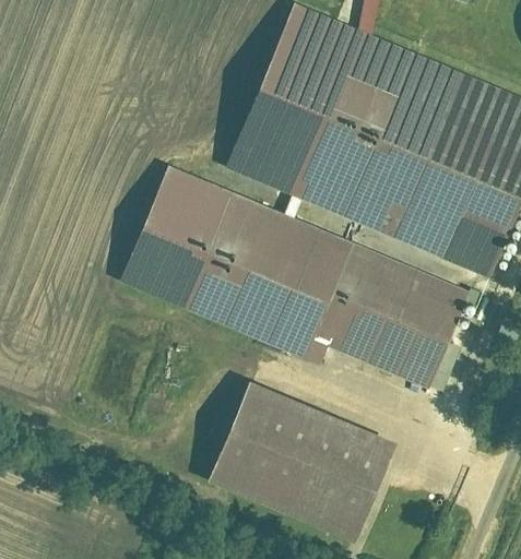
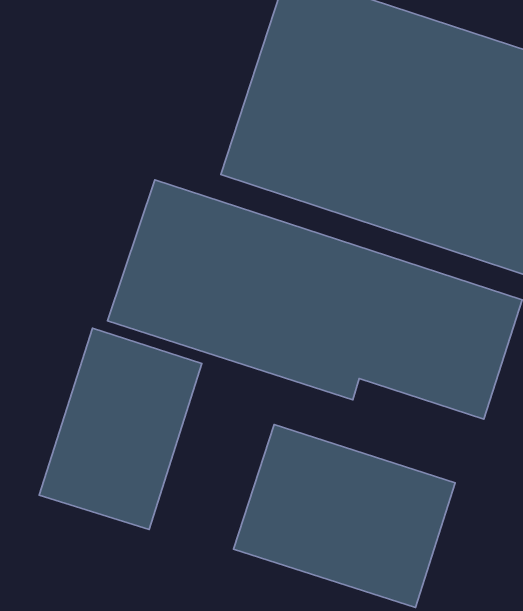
building: none -> [39,328,202,530]

